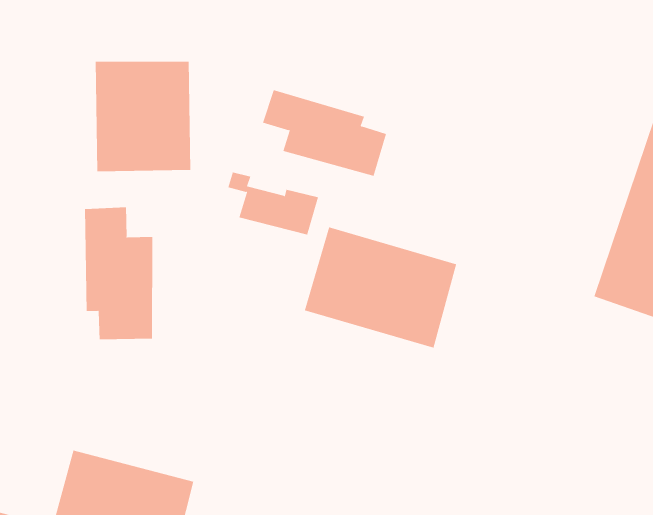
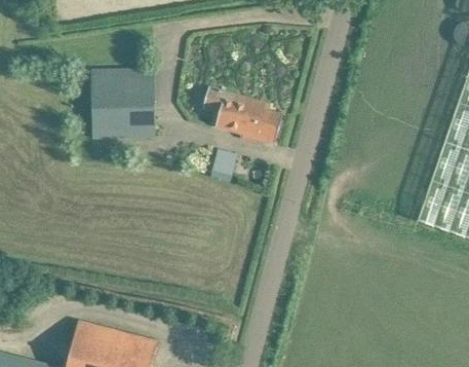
building: [85,207,153,340] -> none
building: [304,227,457,349] -> none

